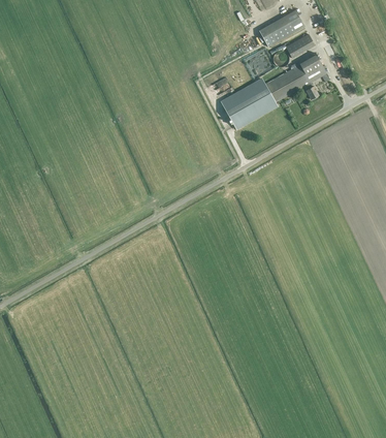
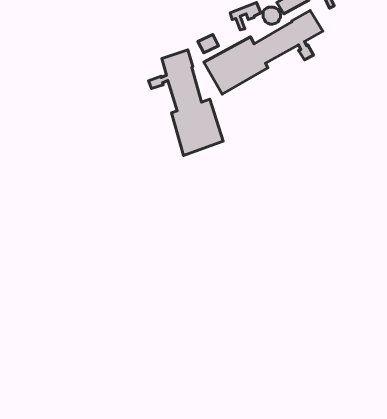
building: none -> [149,50,223,155]

